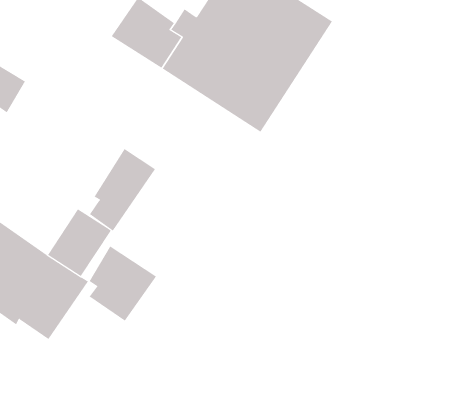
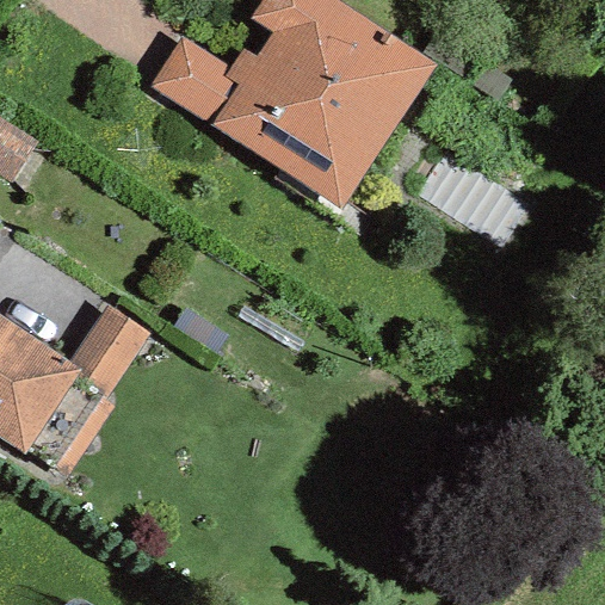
building: [89,148,156,231] -> none
building: [89,246,157,321] -> none

